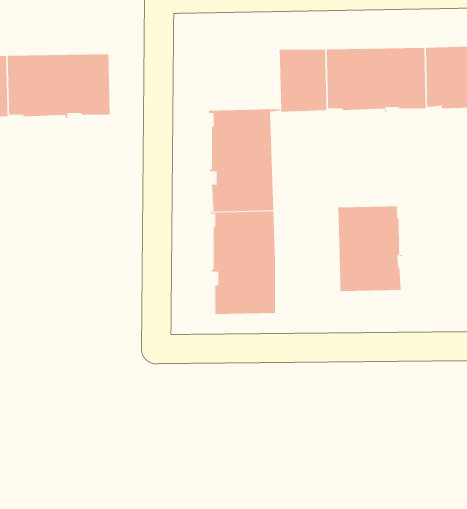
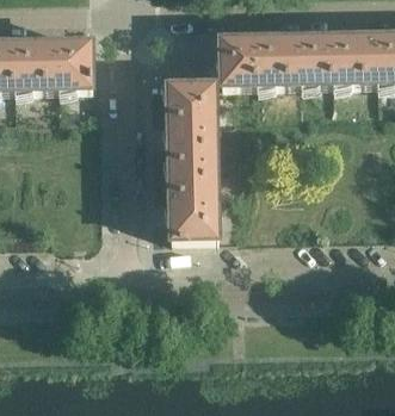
building: [338,205,404,292] -> none

